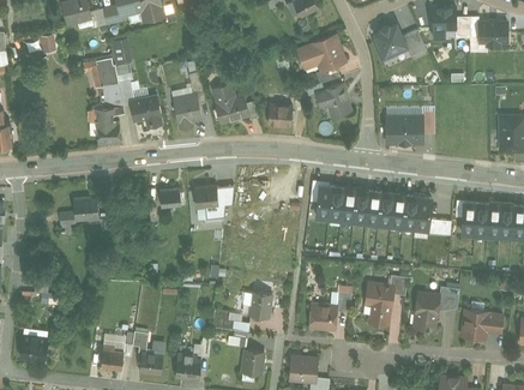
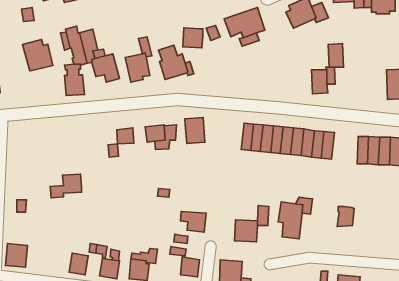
building: none -> [22,40,53,71]
building: [312,84,353,120] -> none
building: [266,102,291,127] -> [183,28,203,48]
building: [387,114,406,144] -> [328,43,343,67]
building: none -> [185,117,205,143]
building: [59,197,98,227] -> [50,174,82,198]
building: [412,290,440,331] -> none
building: [458,300,502,340] -> none

